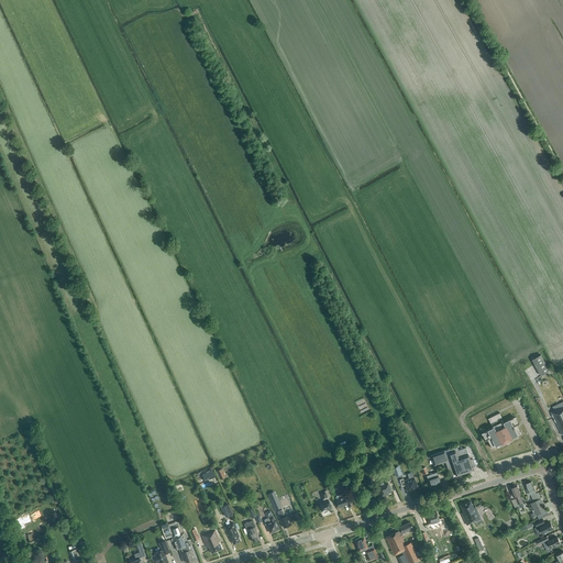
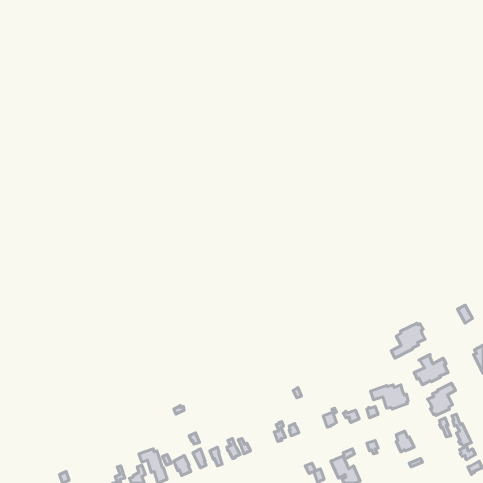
building: none -> [391,323,425,358]
building: none -> [428,383,455,416]

